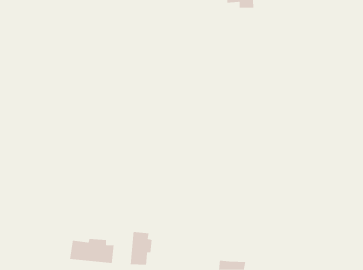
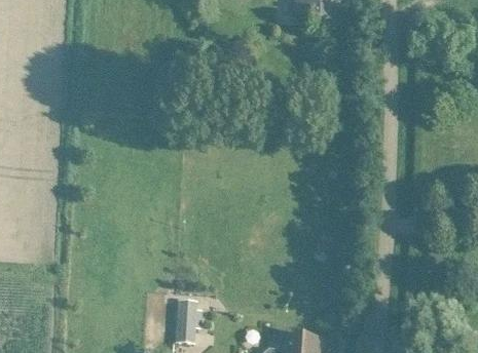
building: [69,238,114,264] -> none

